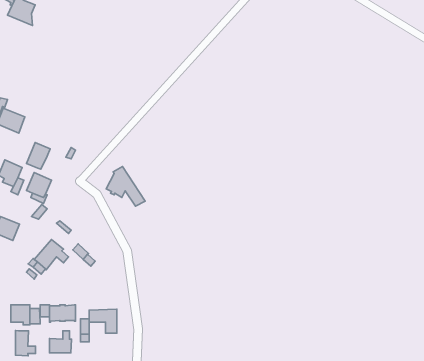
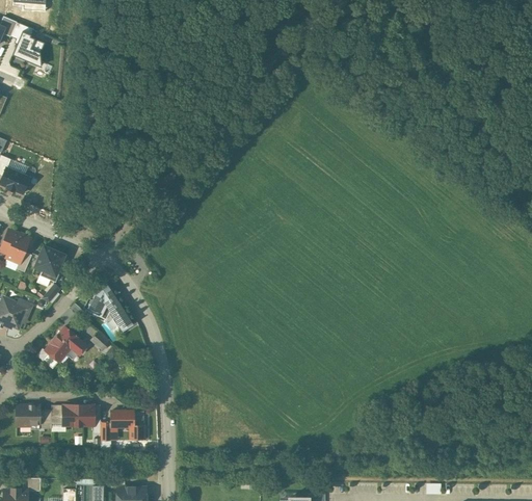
building: [27,142,50,169] -> none
building: [106,167,145,206] -> [85,283,132,331]
building: [15,331,35,356] -> none
building: [49,331,71,353] -> none

